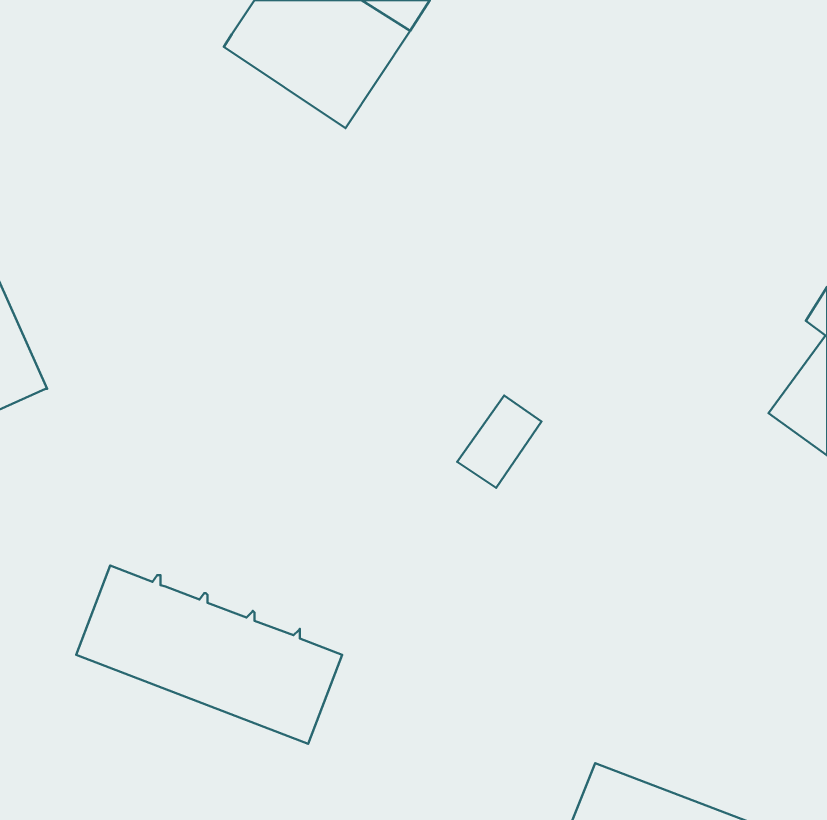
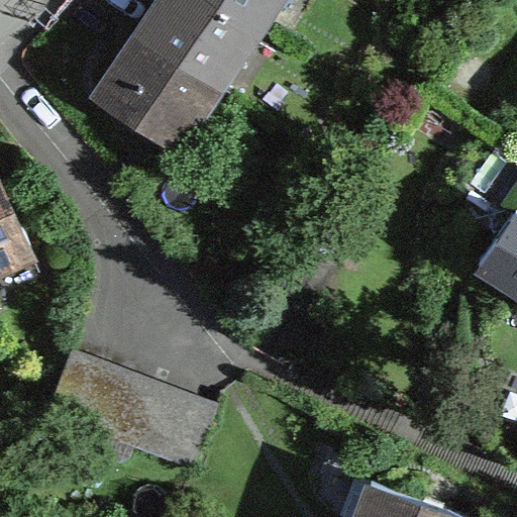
building: none -> [98,34,215,146]

